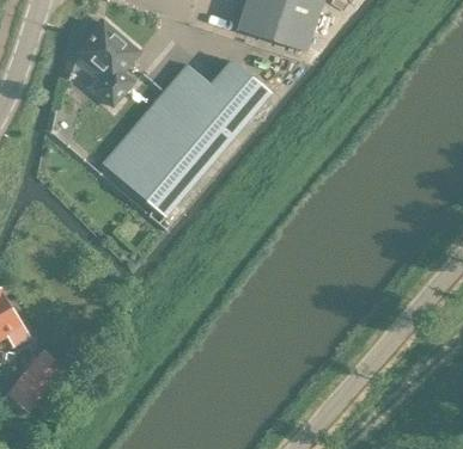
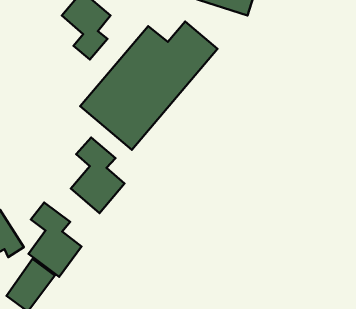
building: none -> [71,138,124,213]
building: none -> [29,202,81,277]

